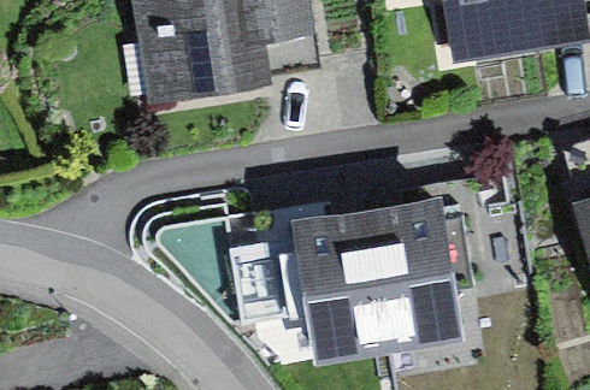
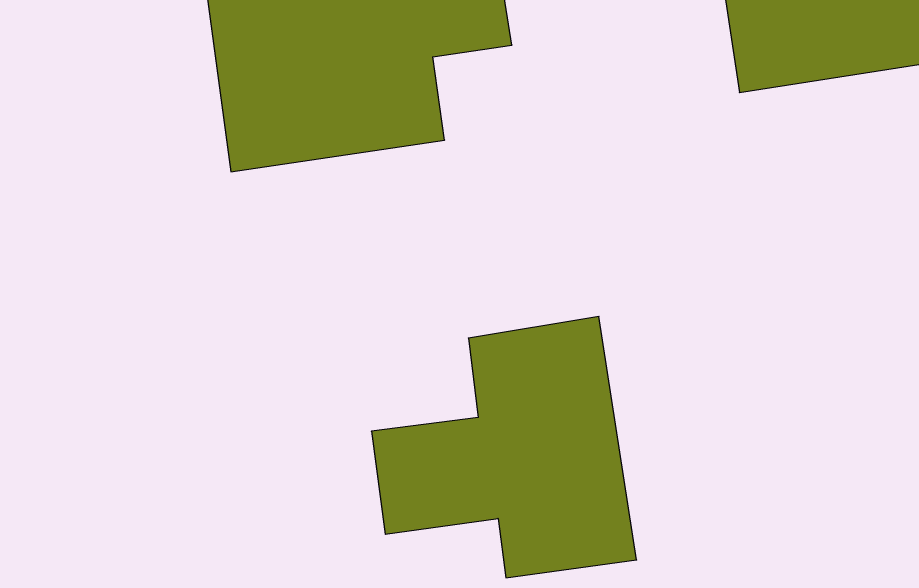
building: [370,190,464,349] -> none

